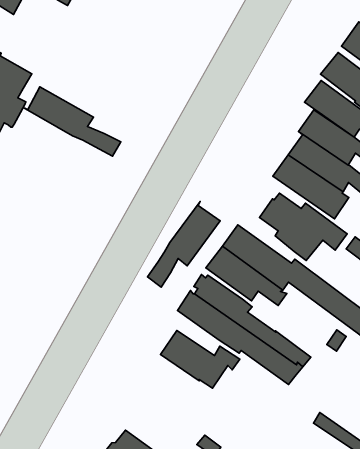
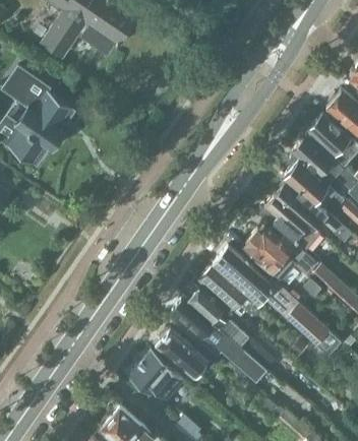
building: [23,87,121,156] -> none
building: [147,202,220,287] -> none
building: none -> [130,352,183,401]

